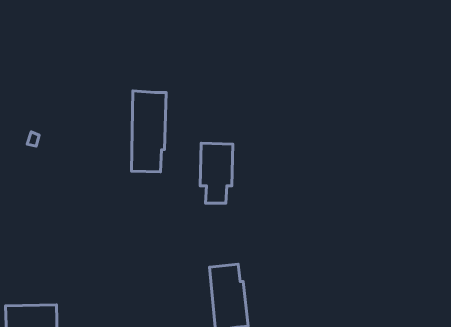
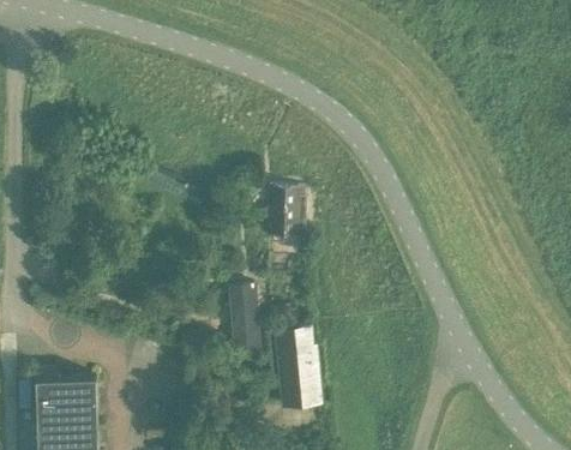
building: [132,91,166,172] -> none
building: none -> [228,284,262,360]

